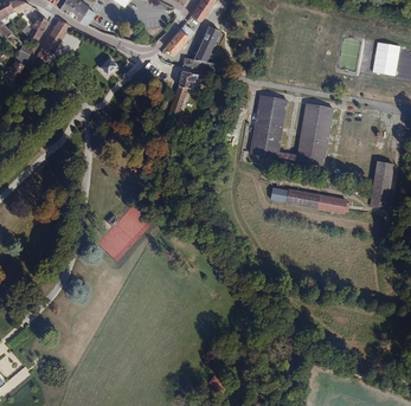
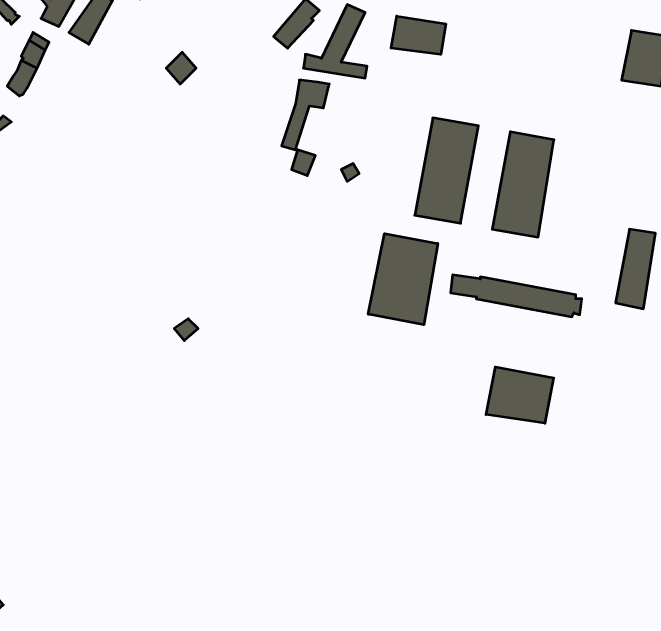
building: none -> [391,16,446,54]
building: none -> [368,234,438,325]
building: none -> [486,367,554,423]

